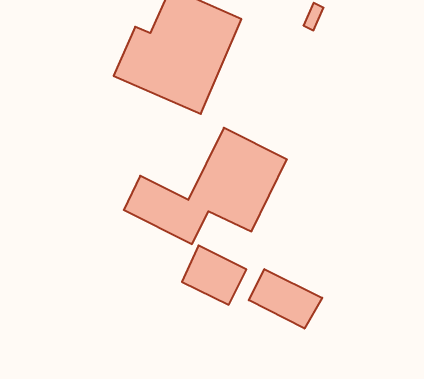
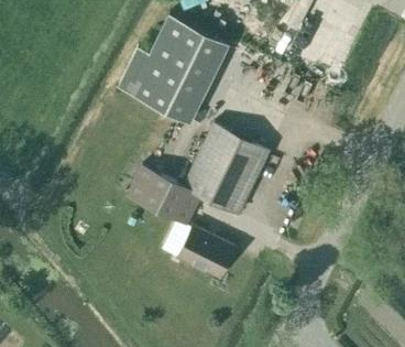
building: [249,269,322,329] -> none

